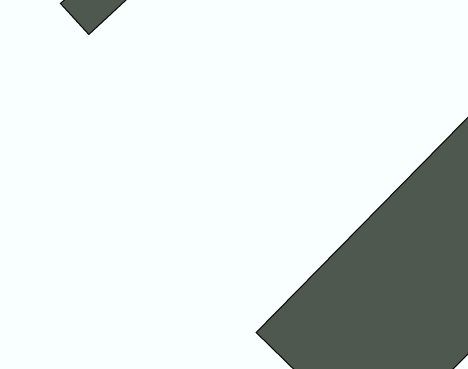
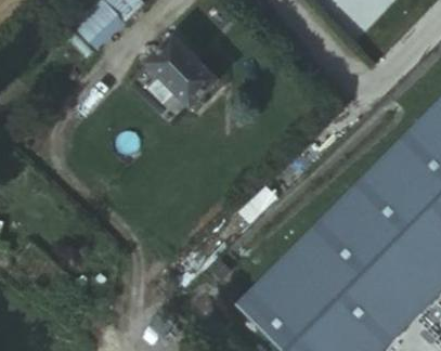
building: none -> [138,40,209,114]

